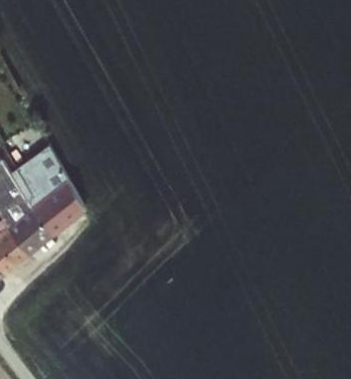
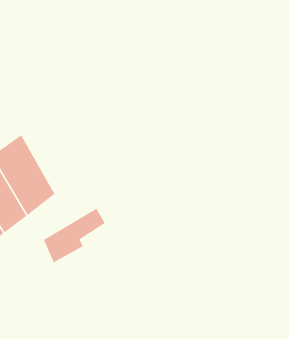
building: none -> [43,208,106,263]

